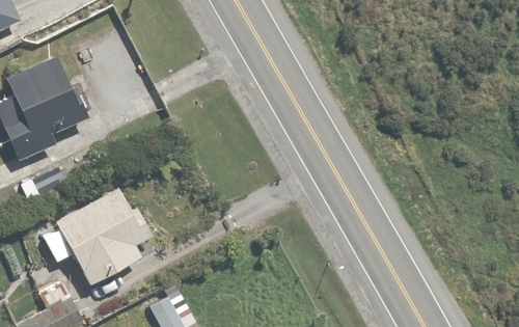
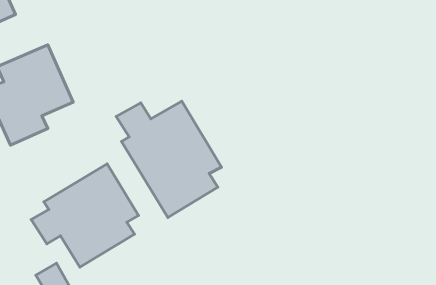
building: none -> [116,101,221,218]

